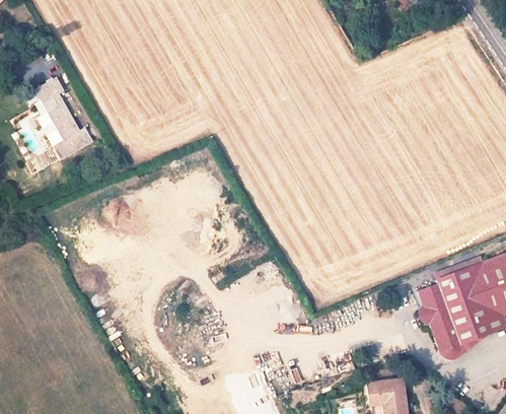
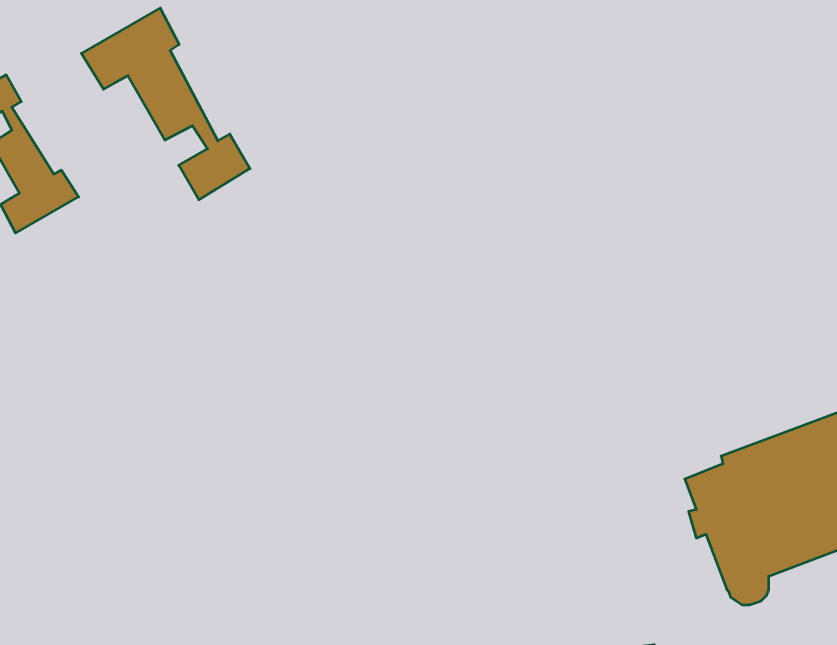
building: none -> [81,8,250,200]

